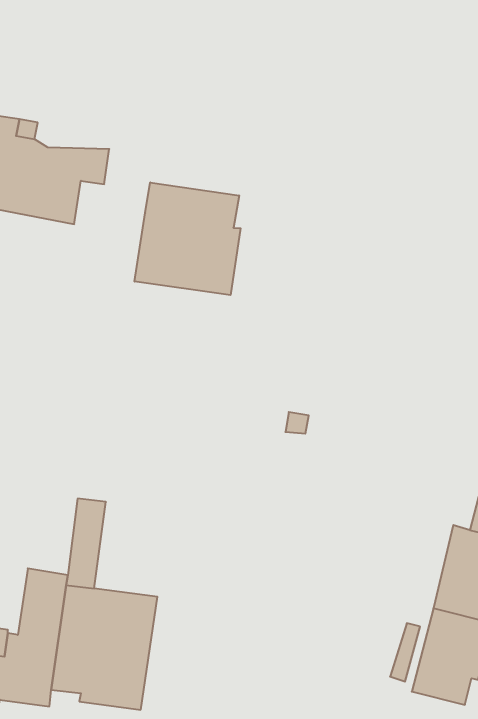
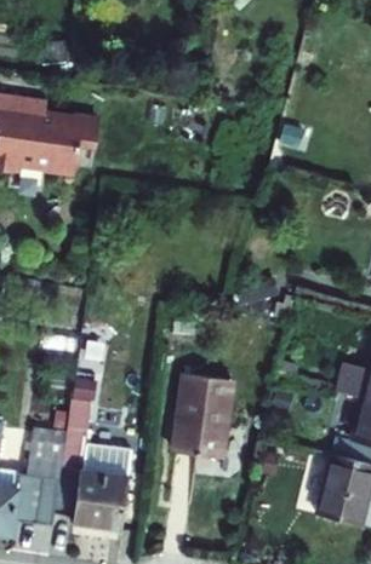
building: [135,182,241,295] -> none
building: none -> [170,375,232,460]

